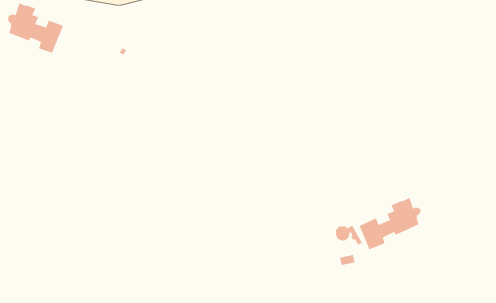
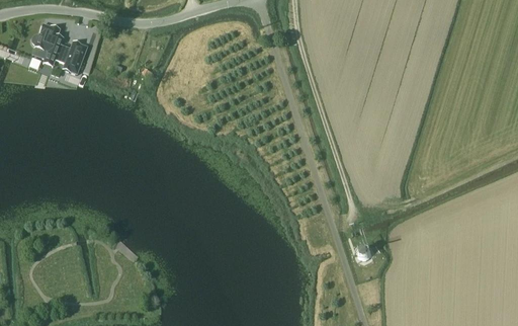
building: [359,197,421,250] -> none

